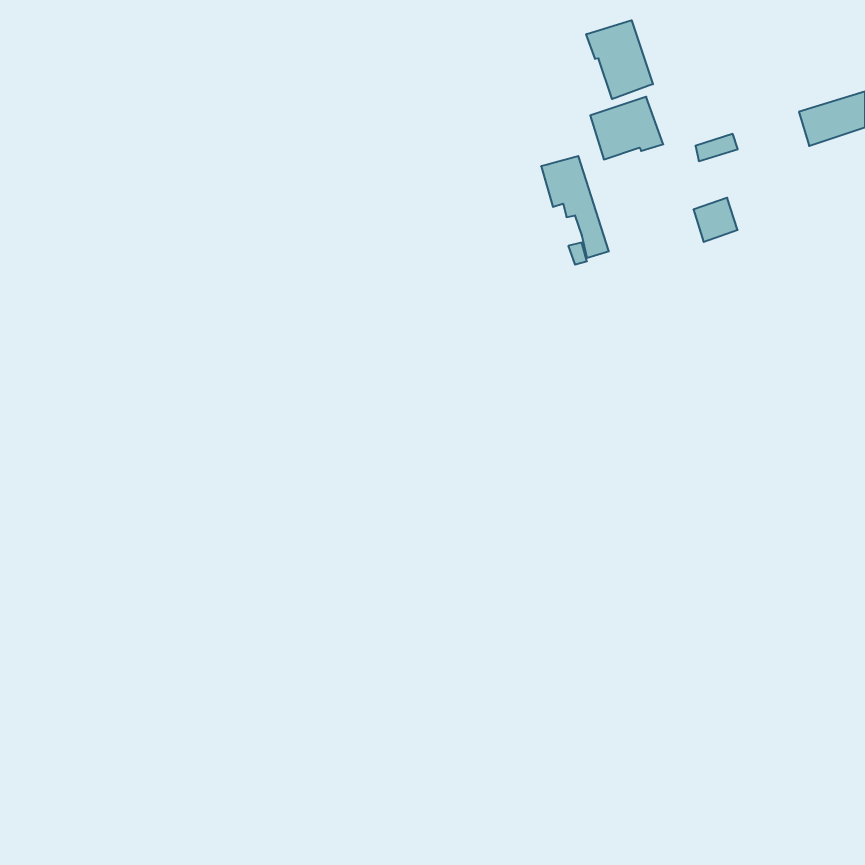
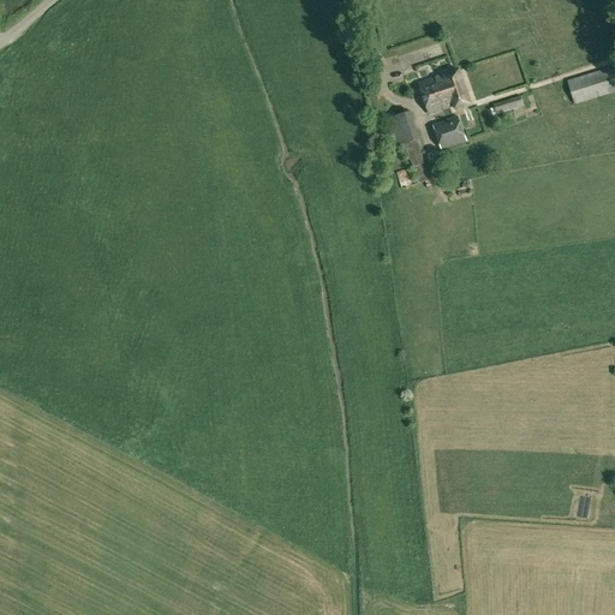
building: [586,20,653,99] -> none
building: [693,198,738,242] -> [432,117,464,148]

